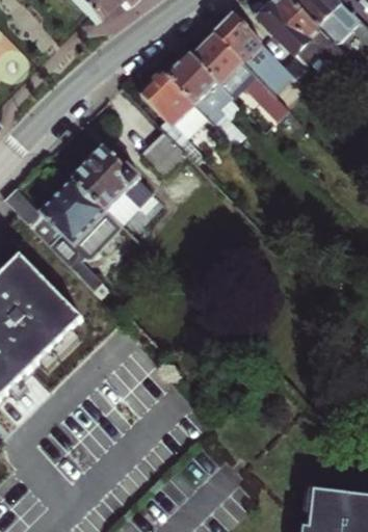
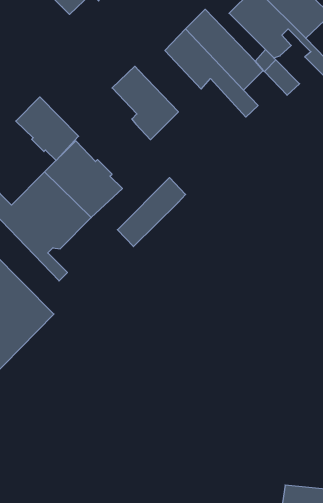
building: [166,50,242,139] -> none
building: none -> [16,97,79,161]
building: [140,127,185,172] -> none
building: none -> [117,178,186,247]

